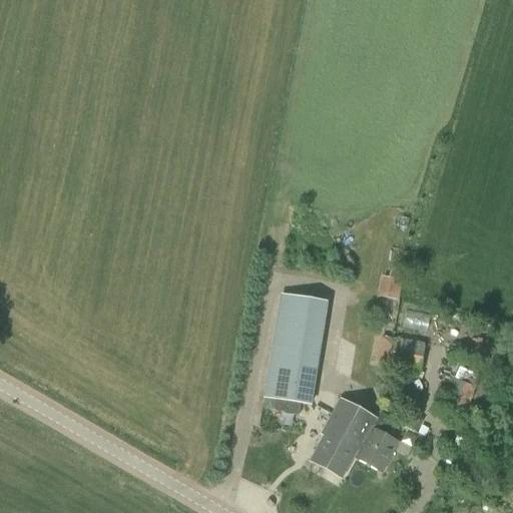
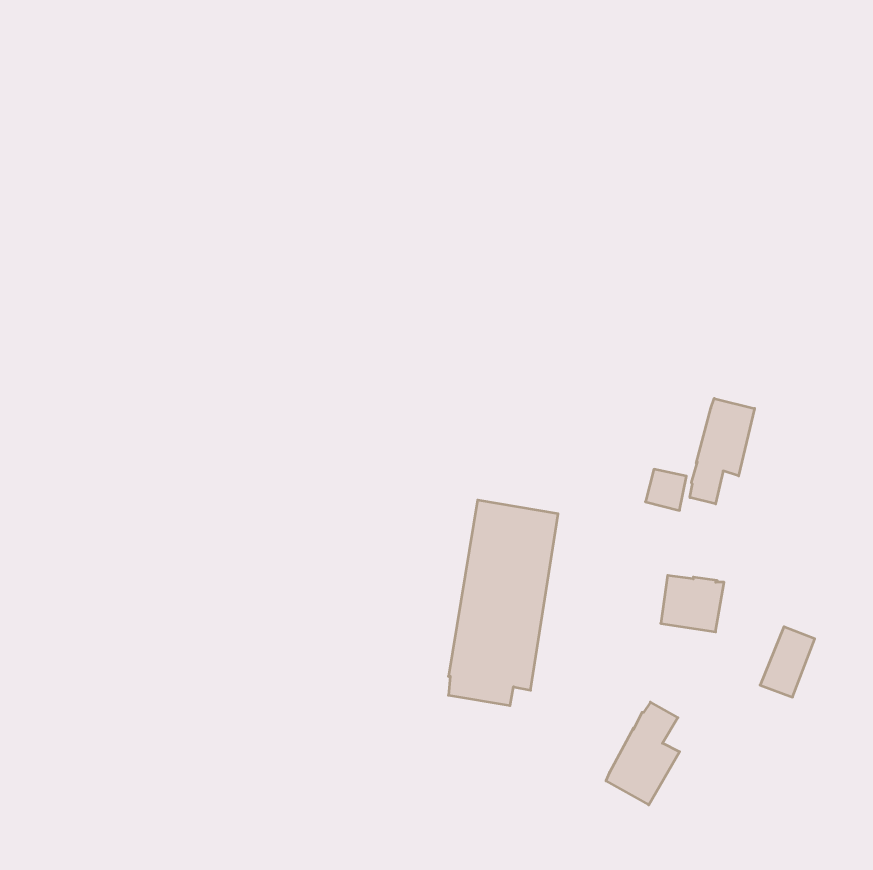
building: none -> [690,398,755,504]
building: [311,397,377,476] -> none

